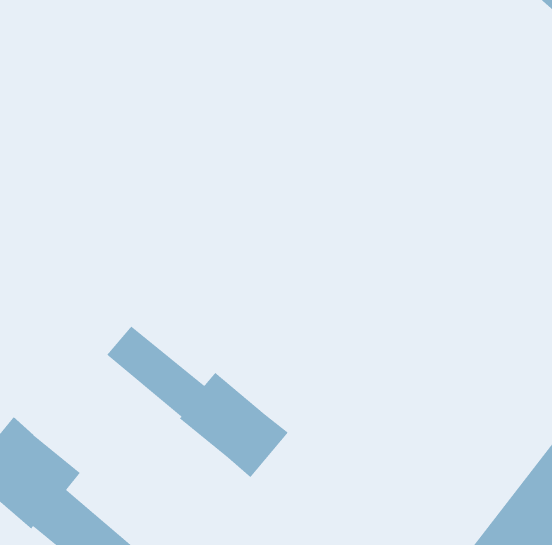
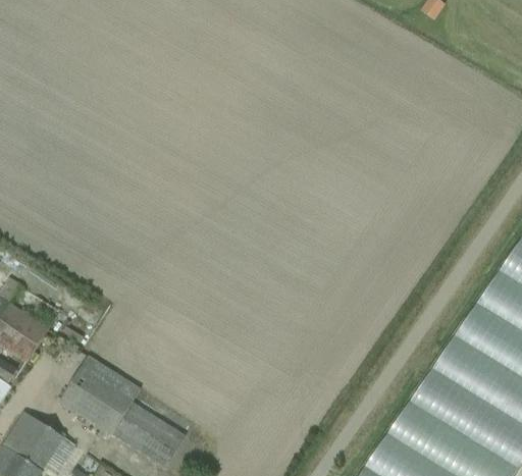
building: [106,325,289,478] -> none

